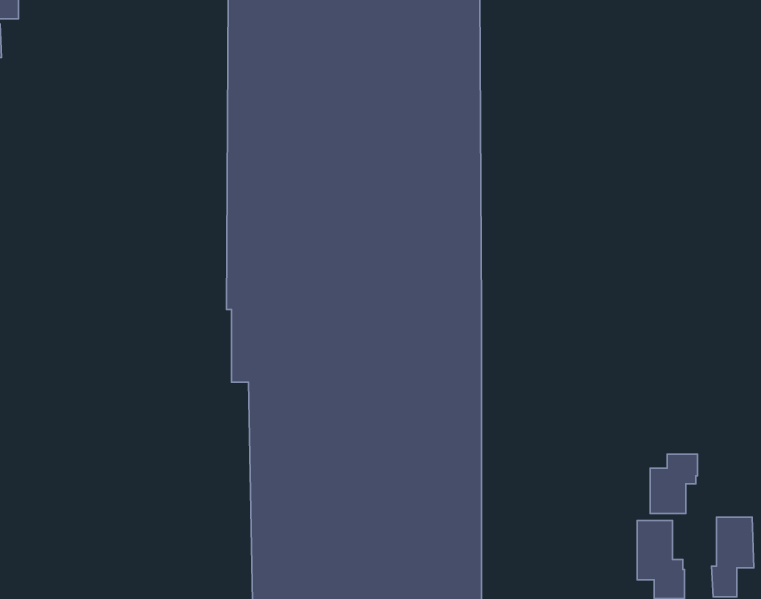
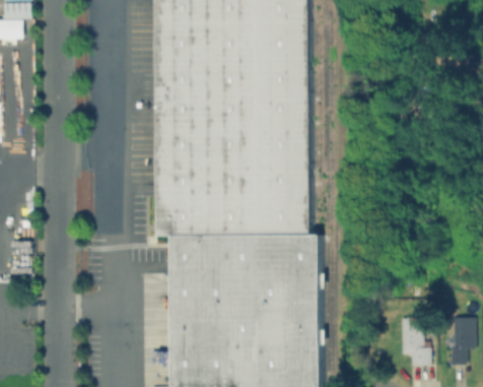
building: [650,454,698,513] -> none

